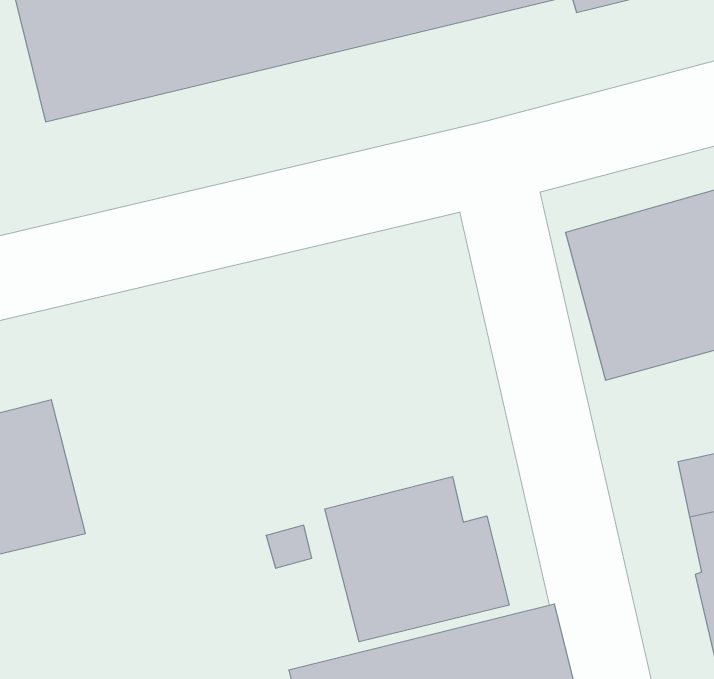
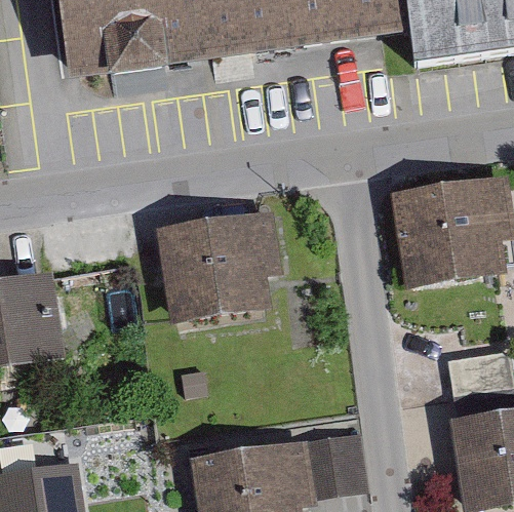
building: none -> [157,211,284,323]
building: [325,477,509,642] -> none

